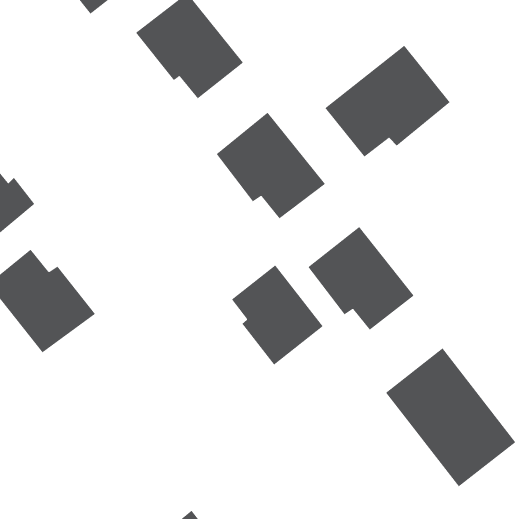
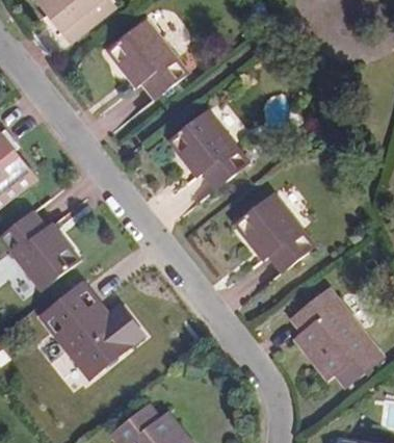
building: [324,45,450,158] -> none
building: [231,264,323,365] -> none
building: none -> [41,283,142,376]

